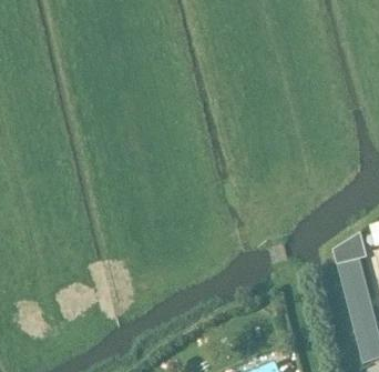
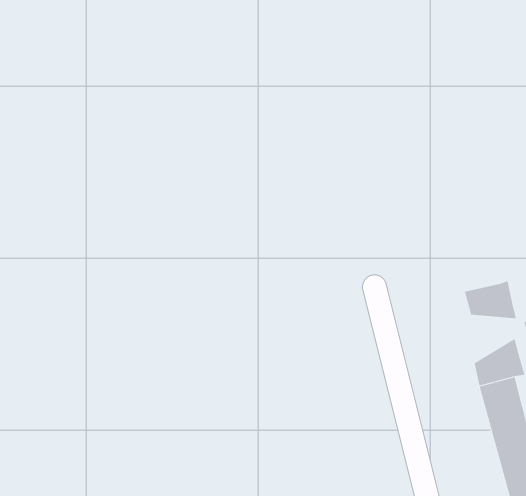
building: none -> [464,280,517,319]

